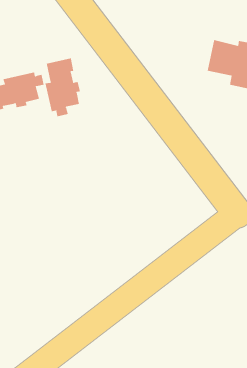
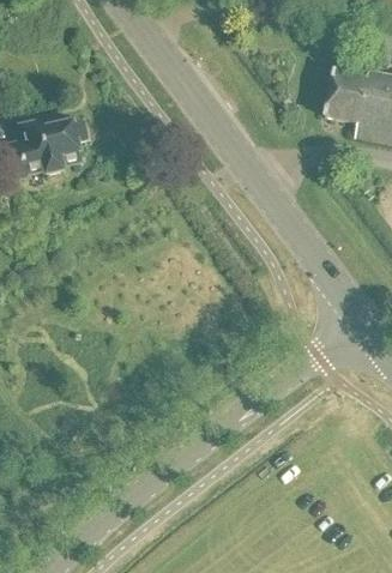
building: [45,58,81,117] -> none

